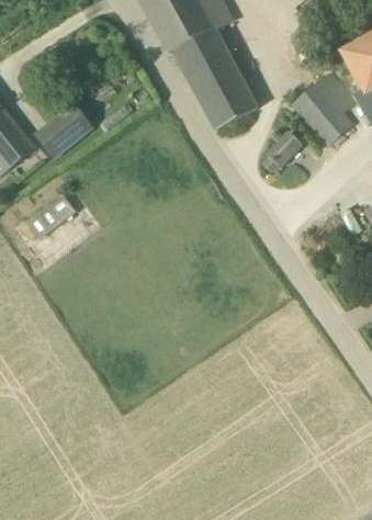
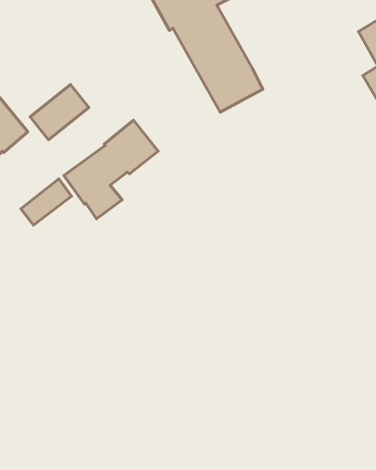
building: [292,70,357,146] -> none
building: [264,132,302,170] -> none
building: none -> [64,120,158,219]

